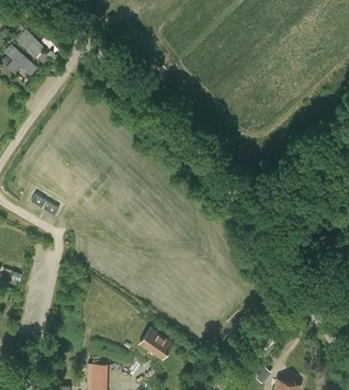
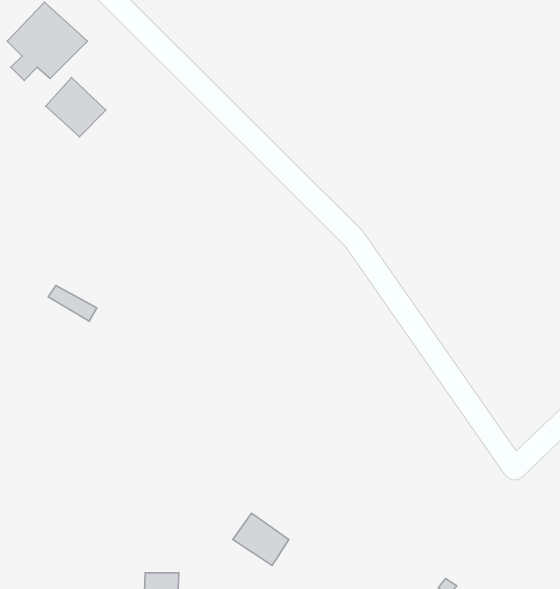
building: none -> [46,78,106,137]

